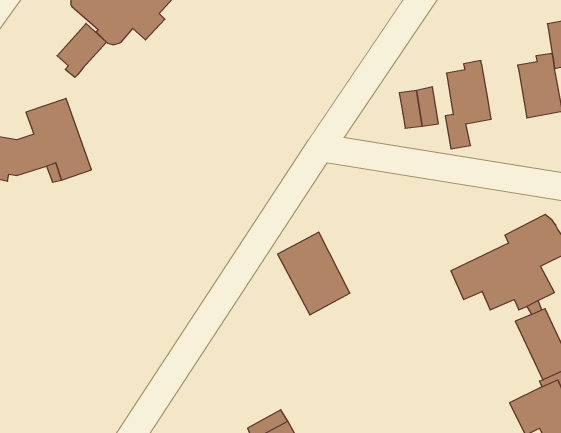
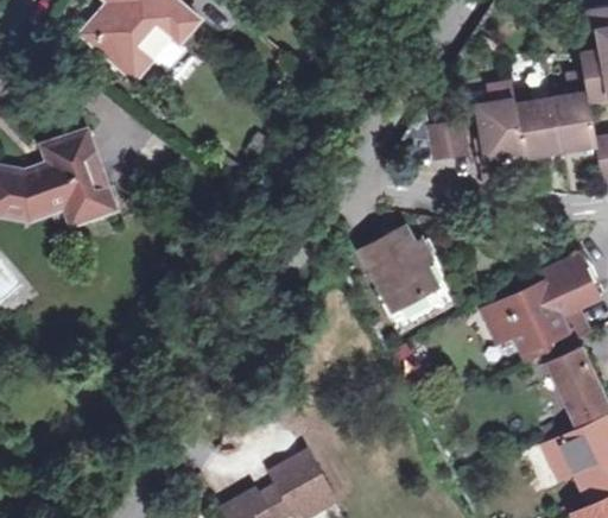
building: [57,23,106,77] -> none
building: none -> [514,95,560,158]
building: [278,232,350,315] -> [359,226,433,311]

